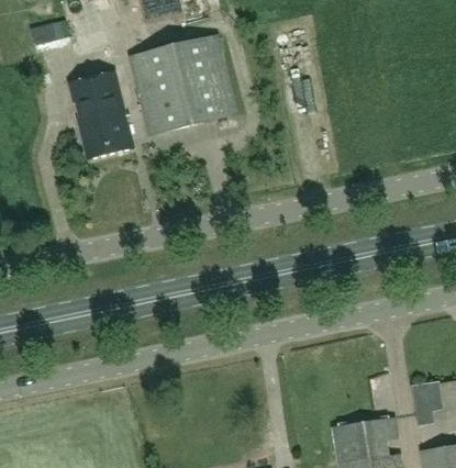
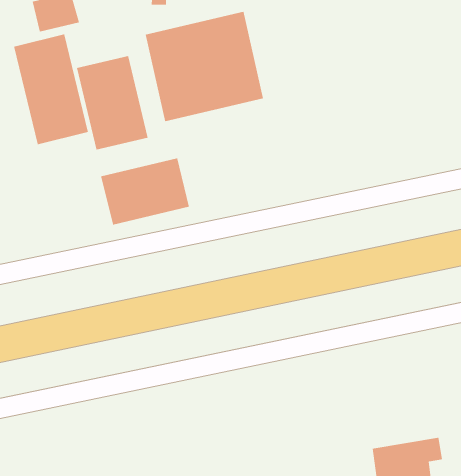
building: none -> [14,33,89,145]
building: none -> [101,158,190,226]

